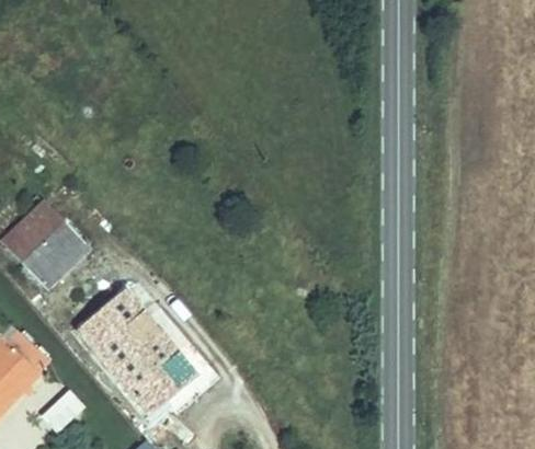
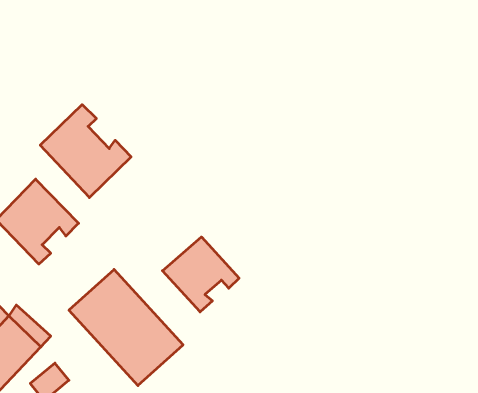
building: none -> [40,105,131,198]
building: none -> [162,237,239,312]

